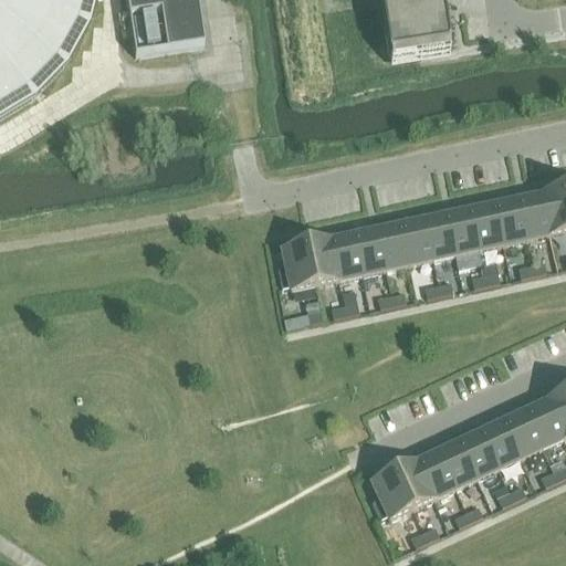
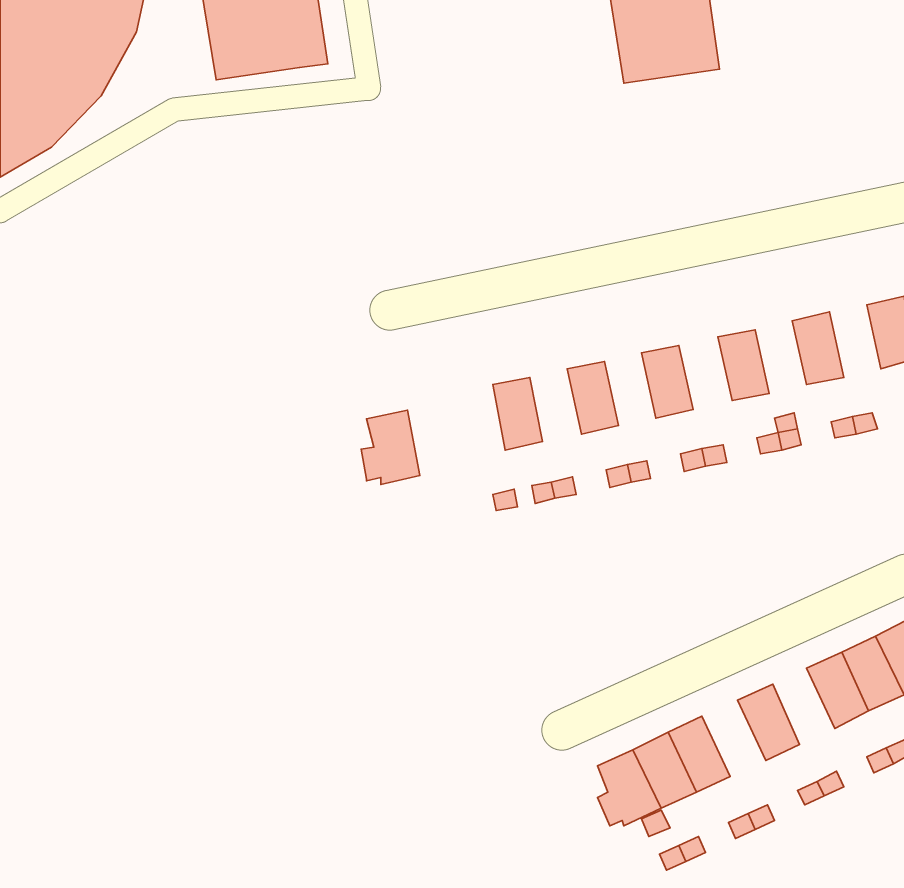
building: [518,190,551,235] -> none
building: [472,200,504,245] -> none
building: [424,210,458,255] -> none
building: [378,220,410,265] -> none
building: [332,230,364,275] -> none
building: [280,240,316,286] -> [361,410,420,484]
building: [483,417,522,464] -> none
building: [439,437,479,484] -> none

